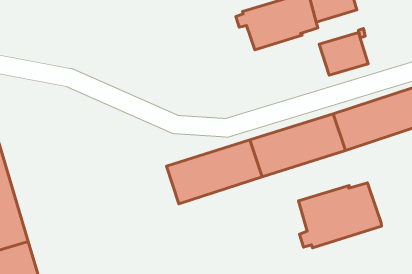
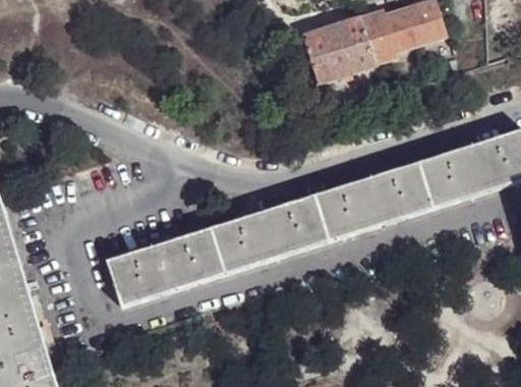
building: [319,32,368,75] -> none
building: none -> [106,227,225,307]
building: [298,183,381,248] -> none

